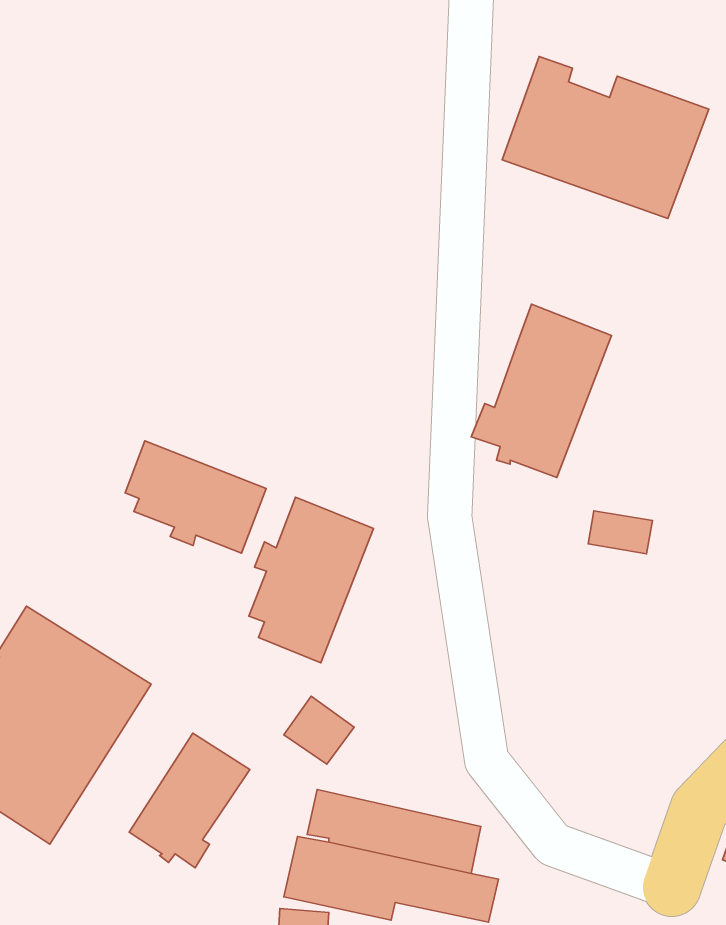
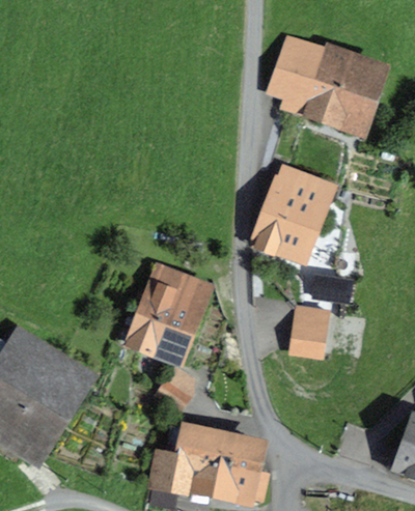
building: [125,441,266,553] -> none
building: none -> [292,307,330,357]
building: [129,733,250,868] -> none

